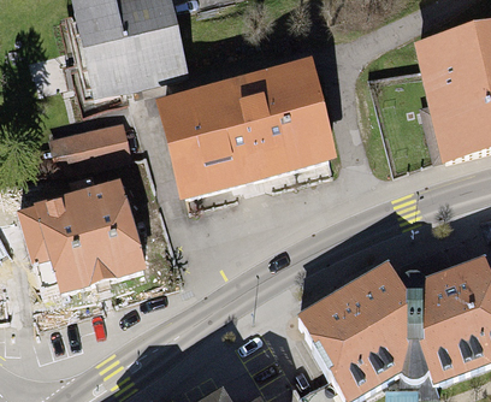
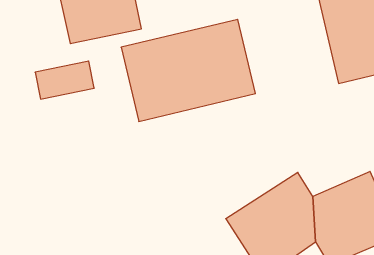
building: [22,183,144,294] -> none

